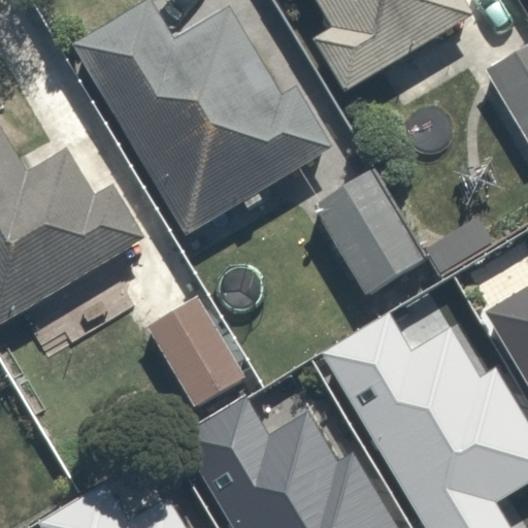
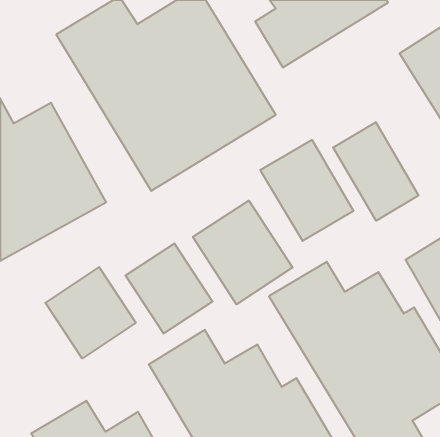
building: none -> [333,122,419,221]
building: none -> [193,201,293,304]
building: none -> [45,267,136,358]

